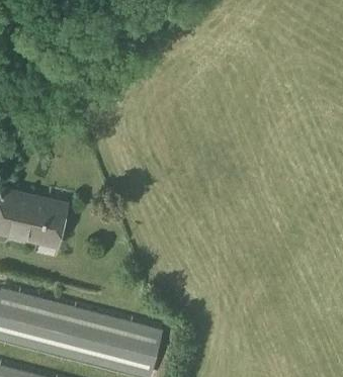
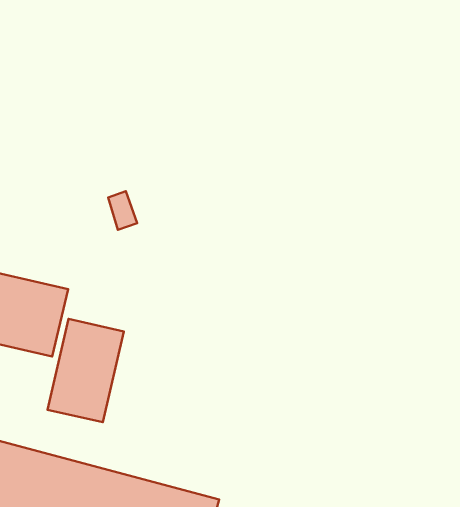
building: none -> [48,319,124,422]

